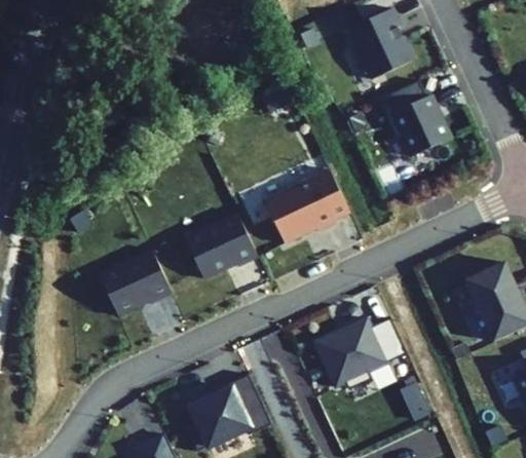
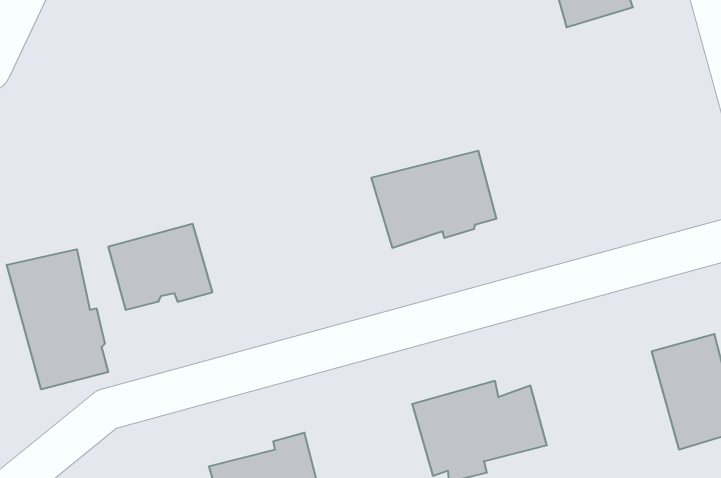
building: [385,82,449,158] -> none
building: [185,215,256,279] -> none
building: none -> [7,249,108,389]

